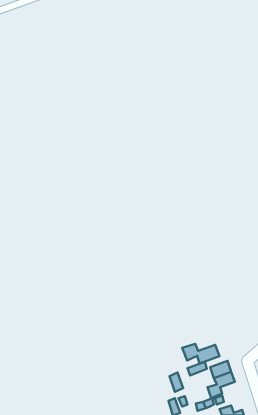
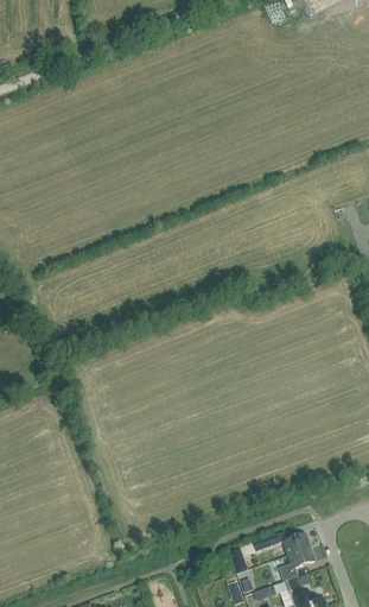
building: [182,344,219,364] -> none

